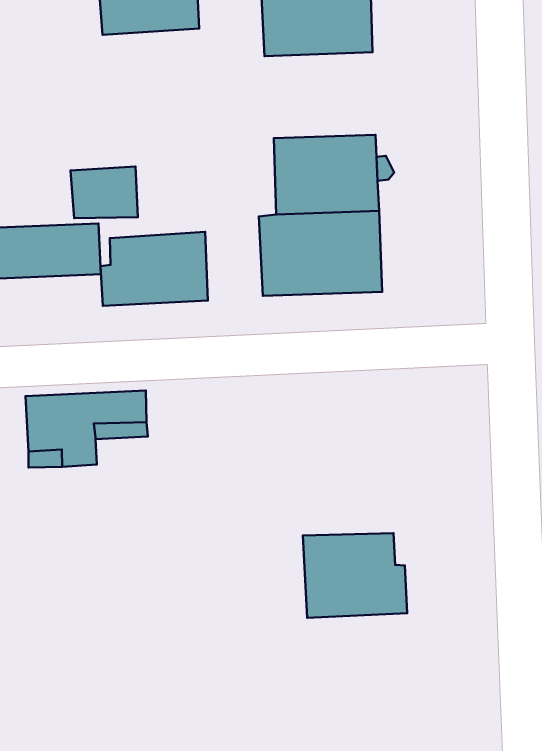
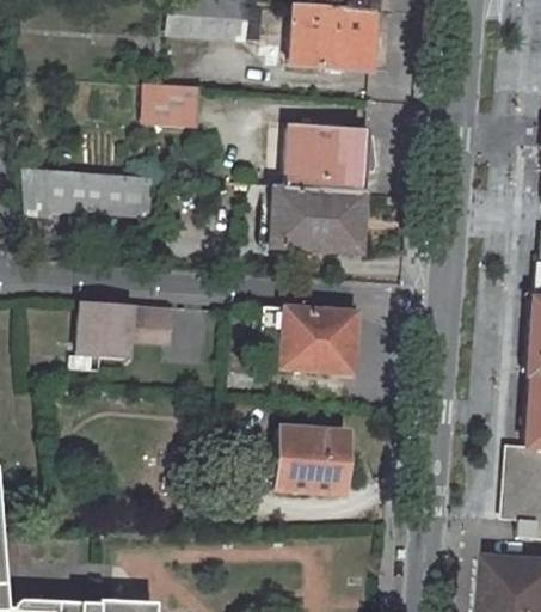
building: [71,166,138,218] -> [148,86,198,127]
building: [101,232,208,306] -> none
building: none -> [259,307,354,372]

